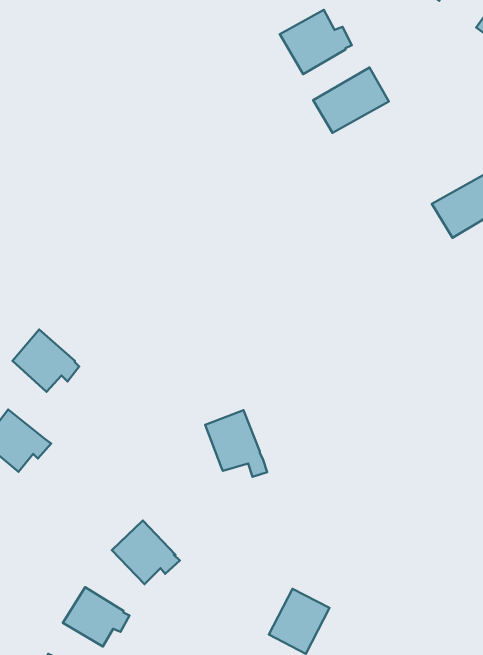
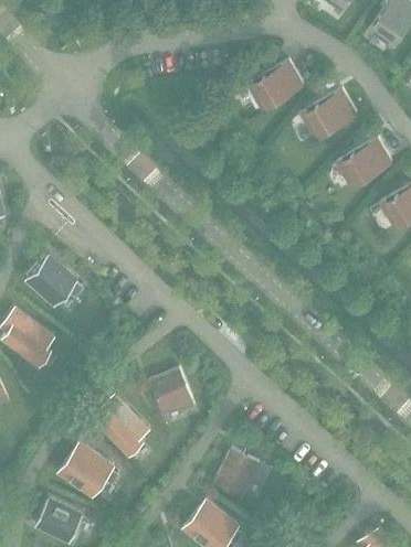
building: [280,10,352,74] -> none
building: none -> [302,90,357,139]
building: [205,410,267,477] -> [151,372,198,421]

